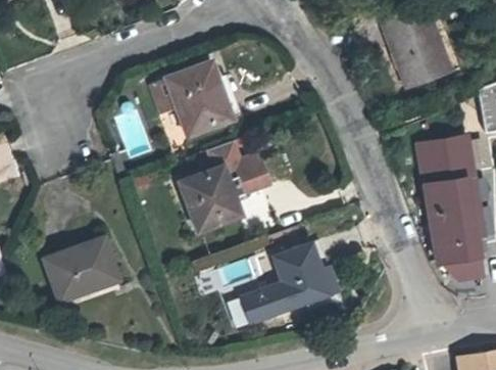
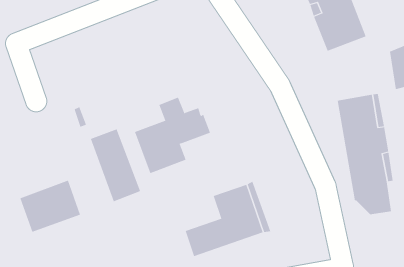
building: [151,60,232,134] -> none
building: none -> [90,129,141,202]

